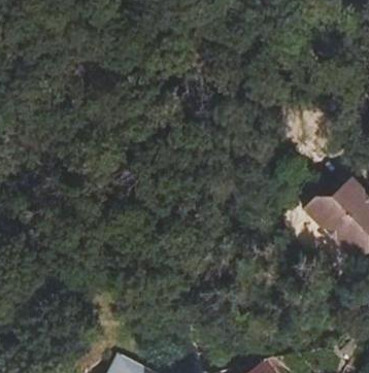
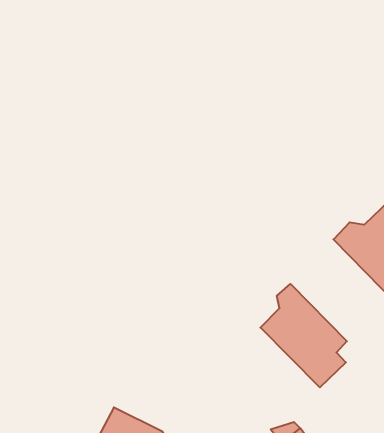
building: none -> [260,284,347,387]

